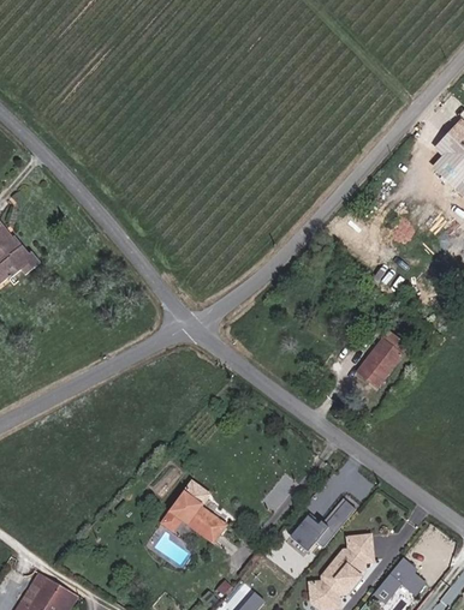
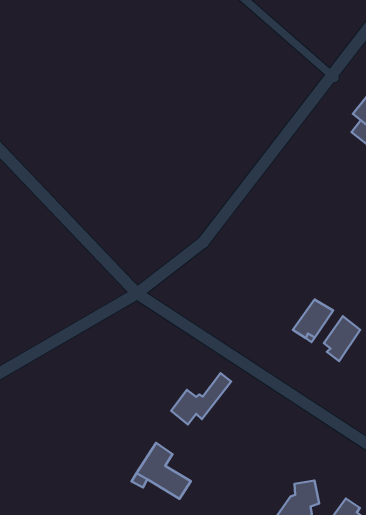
building: none -> [324,316,360,361]
building: [291,498,357,551] -> [171,373,231,424]

